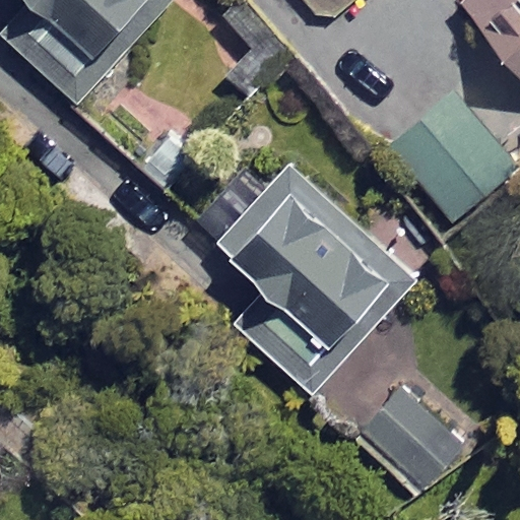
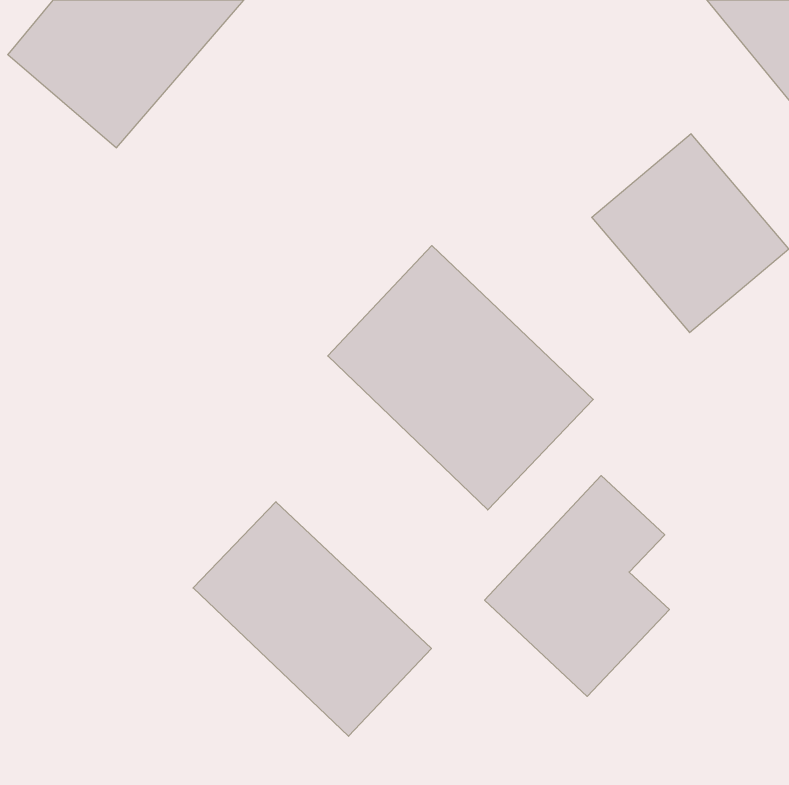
building: none -> [193,502,431,736]

